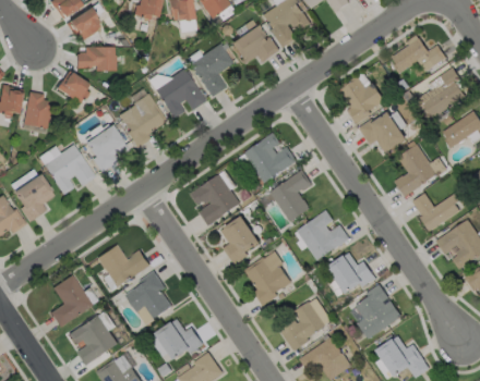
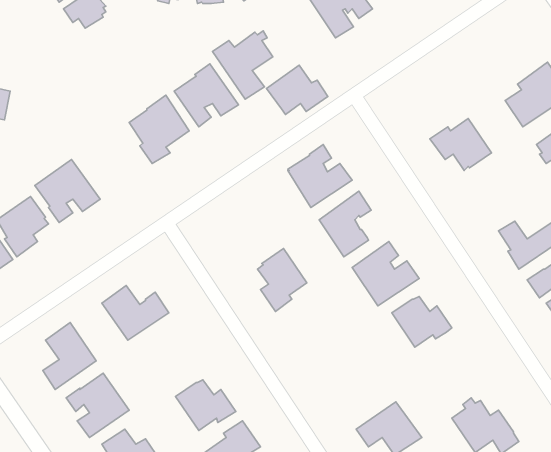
building: [230,24,279,63] -> [266,65,328,114]
building: [392,37,445,73] -> none
building: [75,46,115,70] -> none
building: [56,70,88,105] -> none
building: [340,76,384,123] -> none
building: [22,91,50,128] -> none
building: [84,123,124,171] -> none
building: [394,144,437,196] -> none
building: [189,173,240,225] -> none
building: [243,250,290,306] -> none
building: [124,270,171,324] -> none
building: [355,283,401,339] -> none
building: [279,300,325,351] -> none

